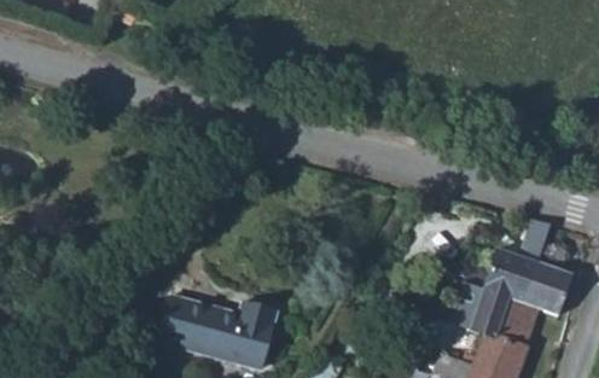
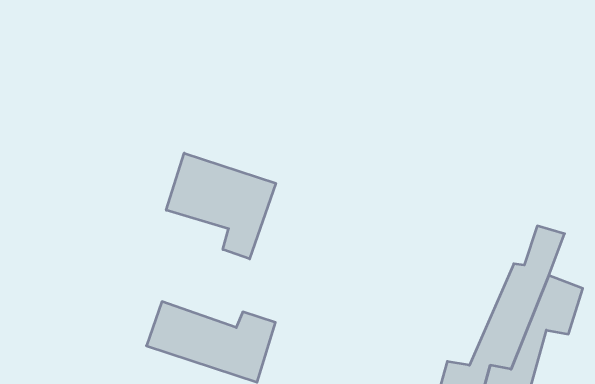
building: none -> [166,153,276,259]

